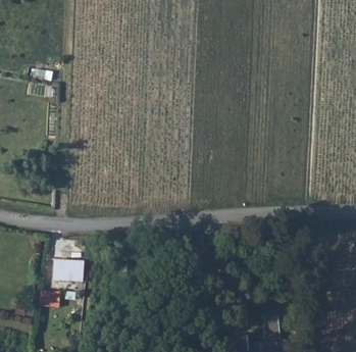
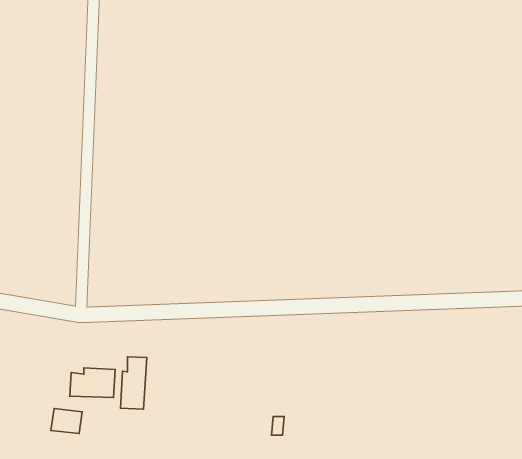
building: none -> [121,357,147,409]

